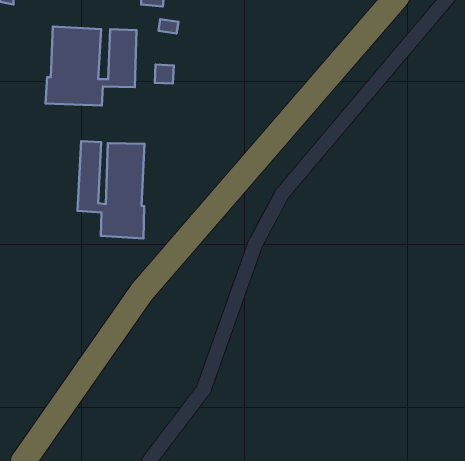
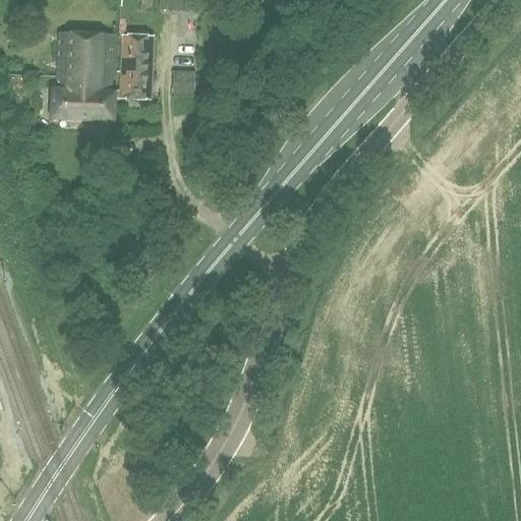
building: [78,141,144,238] -> none

